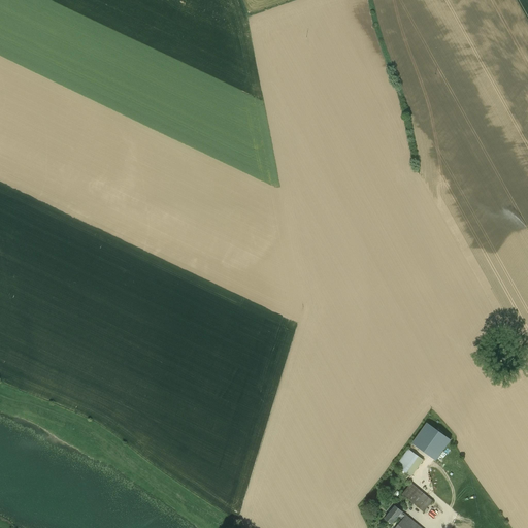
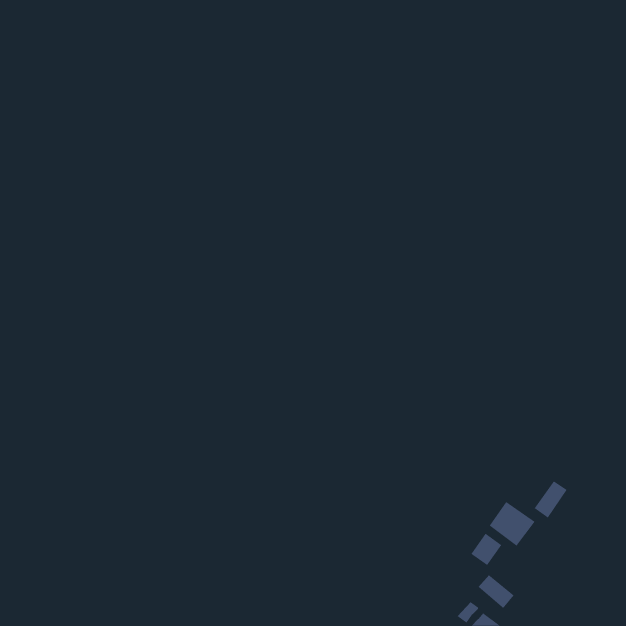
building: none -> [534,481,568,519]

